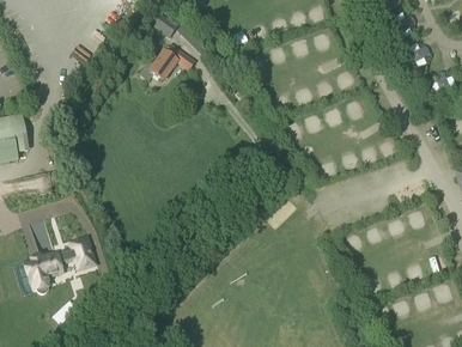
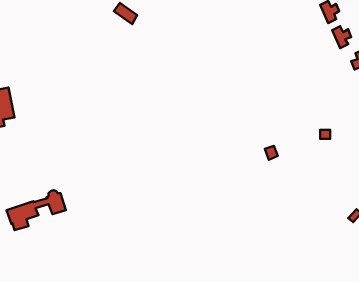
building: [138,43,195,81] -> none

